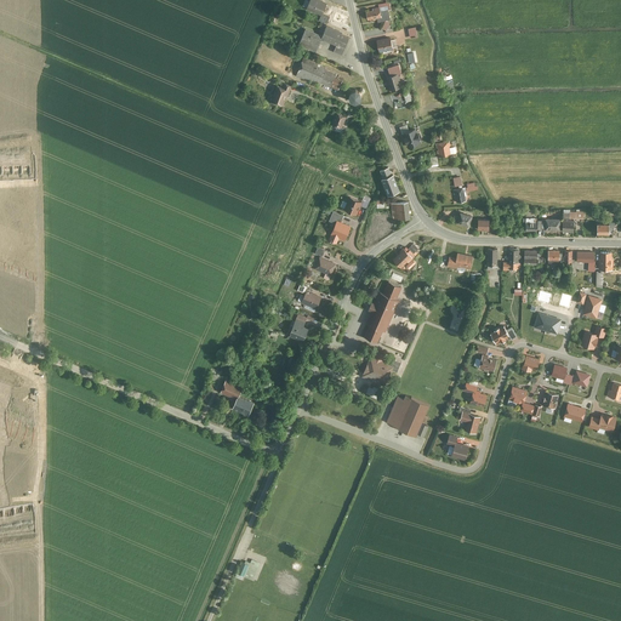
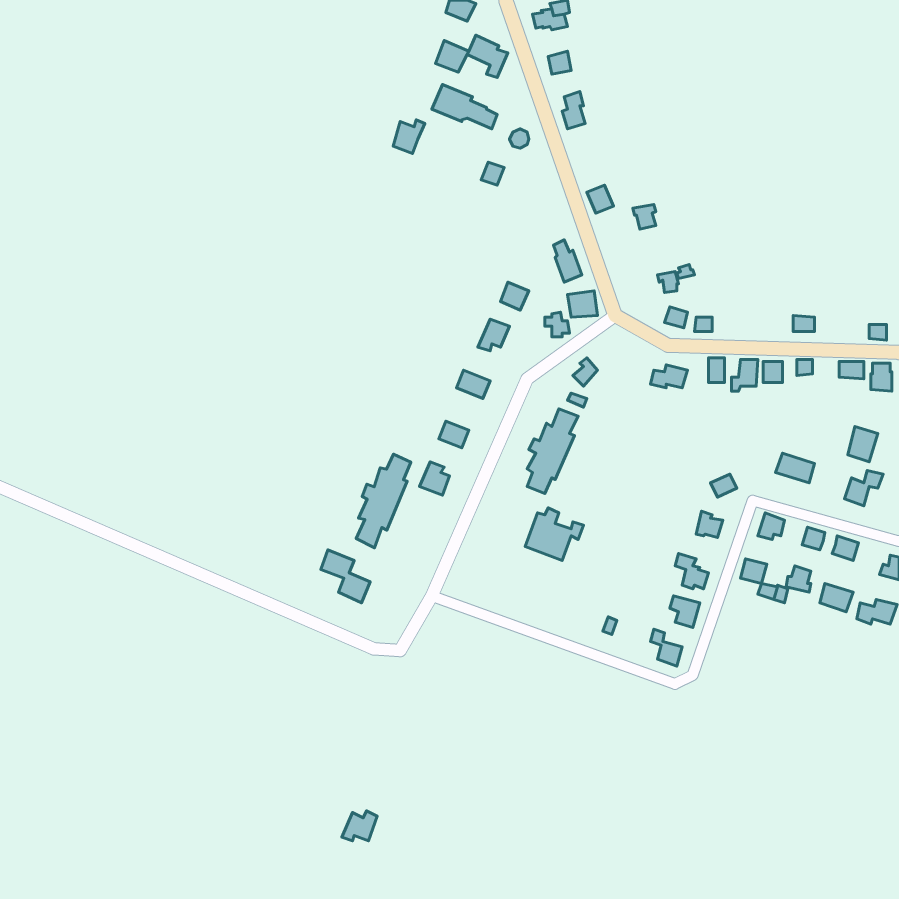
building: none -> [356,454,411,548]
building: [383,395,423,434] -> none

